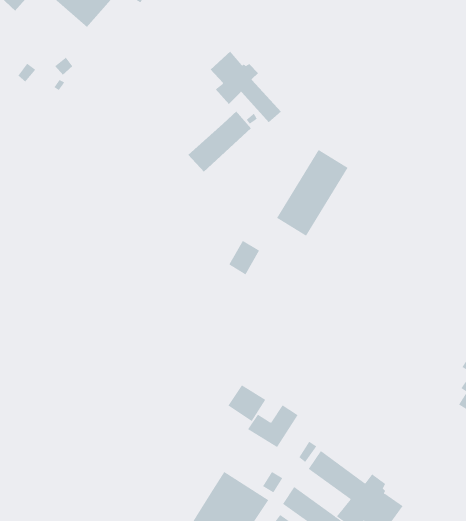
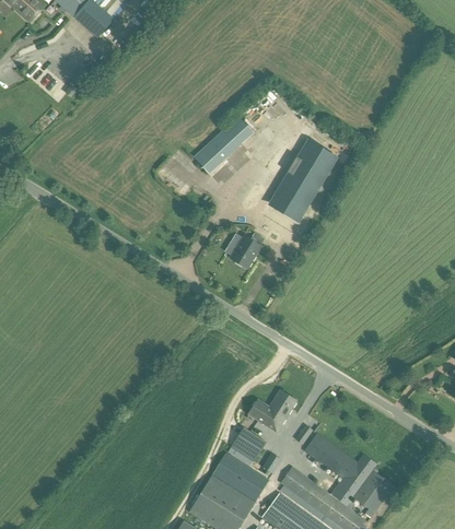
building: [210,51,282,123] -> none
building: [228,385,266,422] -> [230,427,266,462]

